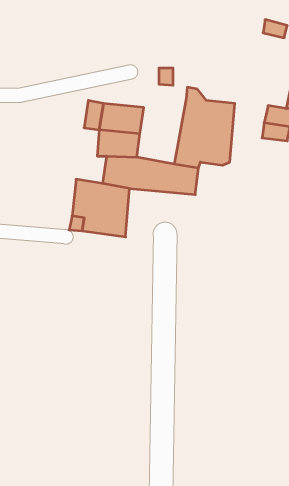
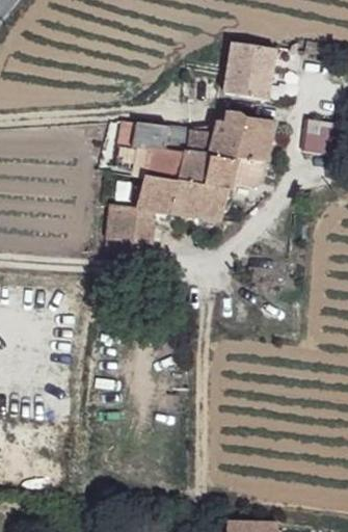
building: none -> [223,39,272,95]
building: none -> [173,116,224,184]

